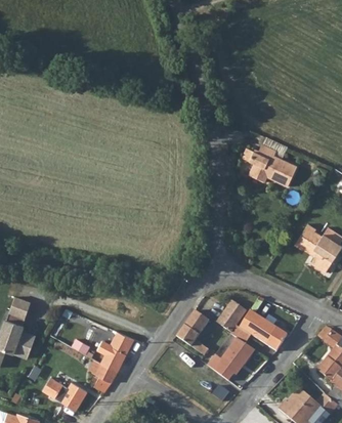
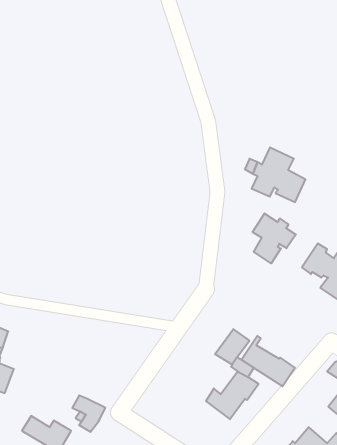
building: none -> [253,213,296,263]
building: [175,310,209,355] -> none
building: [98,331,133,371] -> none

